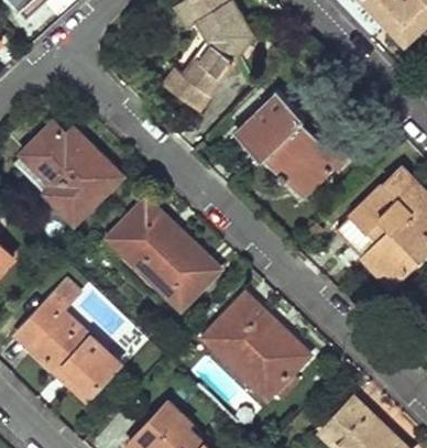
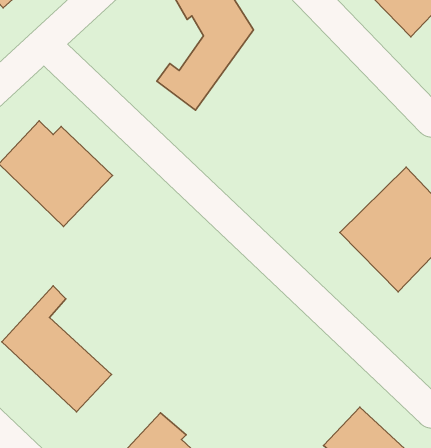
building: [238,94,349,201] -> none
building: [109,200,219,307] -> none
building: [205,292,310,400] -> none

